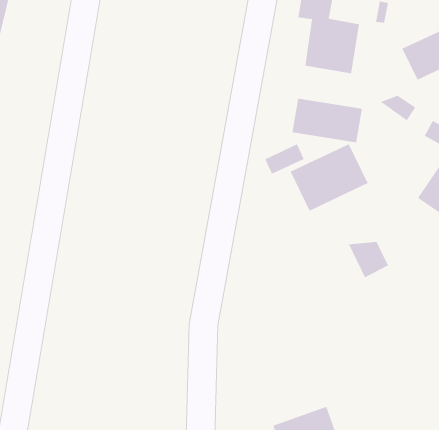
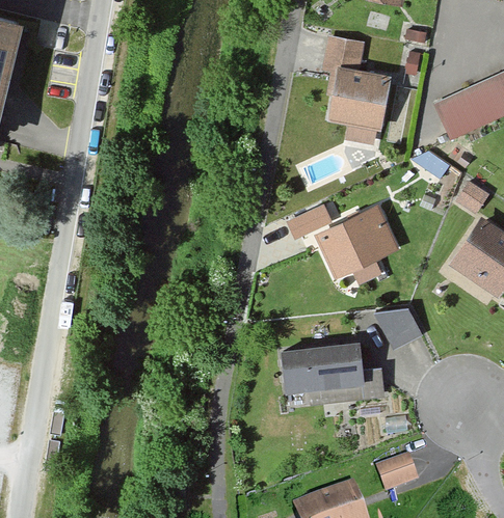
building: [292,98,362,143] -> none
building: none -> [283,343,383,403]
building: none -> [378,457,418,493]

